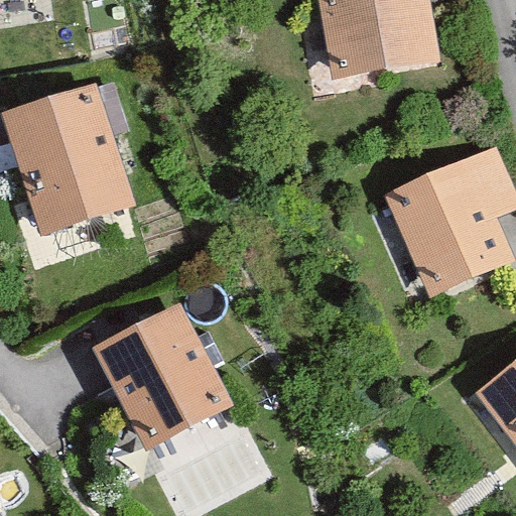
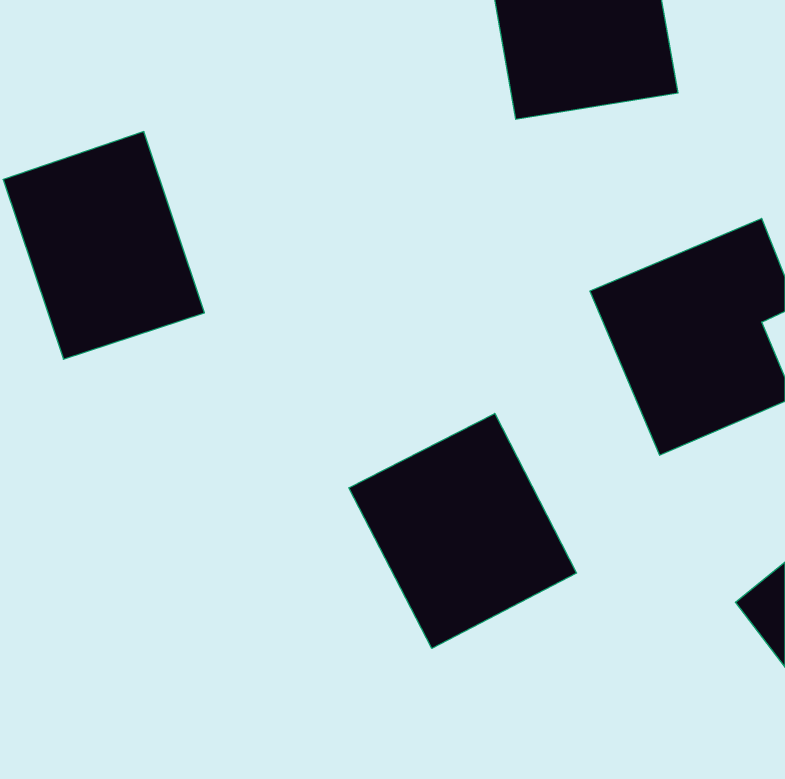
building: none -> [349,413,577,648]
building: [92,301,234,449] -> none

